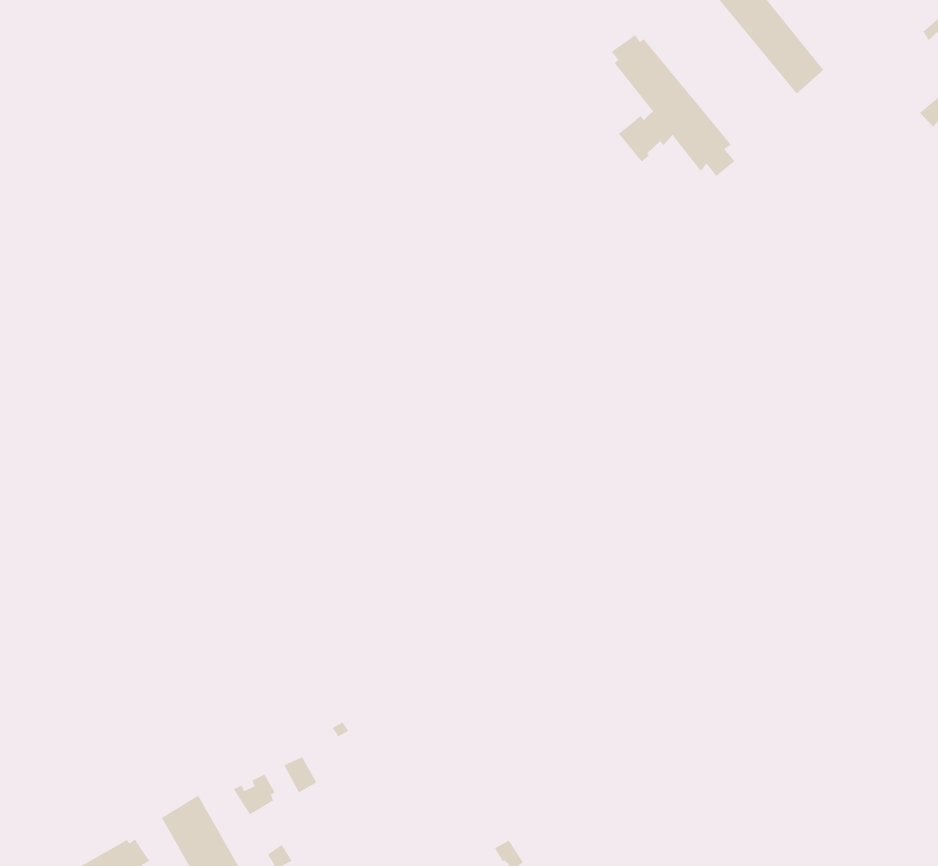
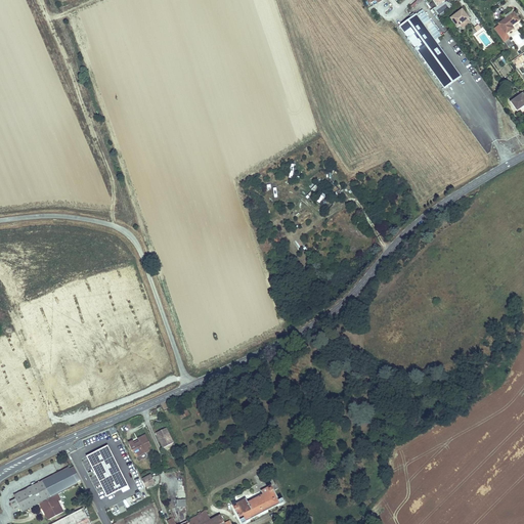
building: [611,34,735,177] -> none

